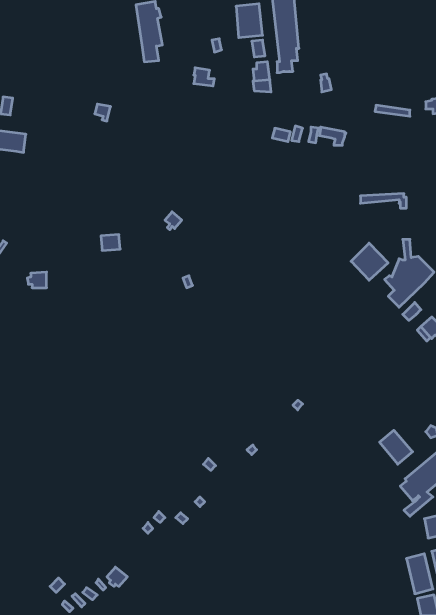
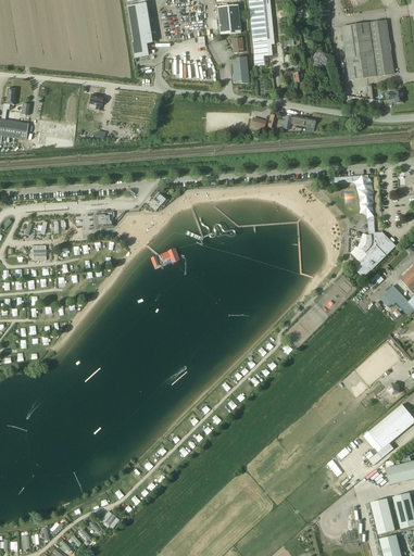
building: none -> [341,21,392,80]
building: [351,243,388,280] -> none
building: [380,430,413,464] -> none

